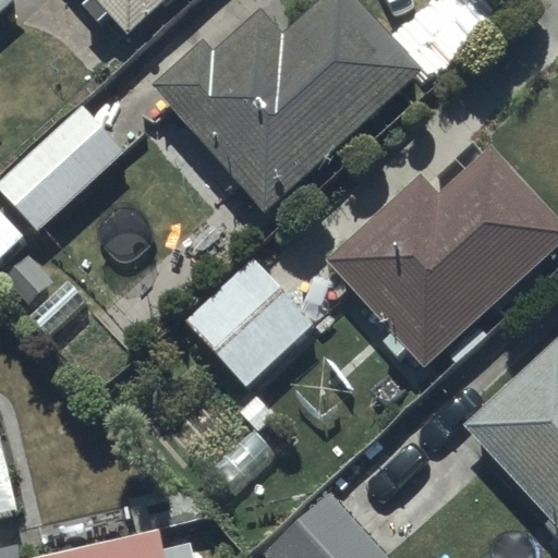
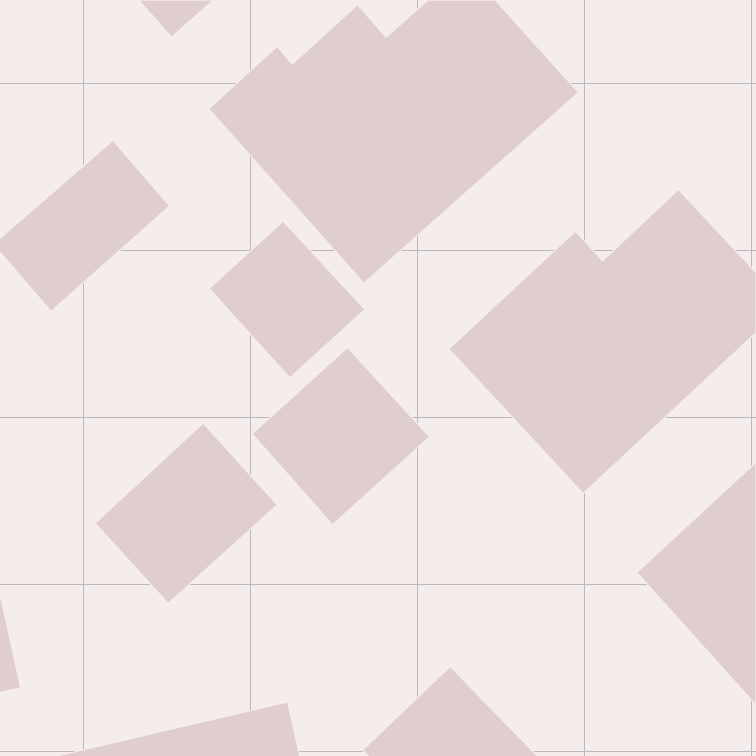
building: none -> [209,221,365,378]
building: none -> [95,423,277,603]

